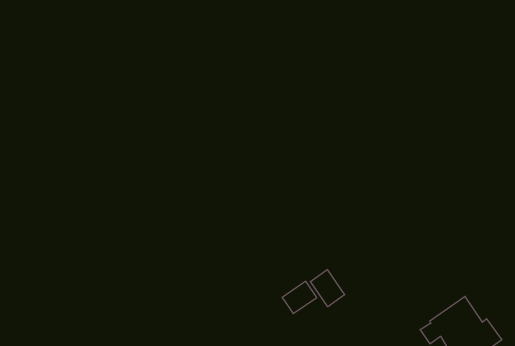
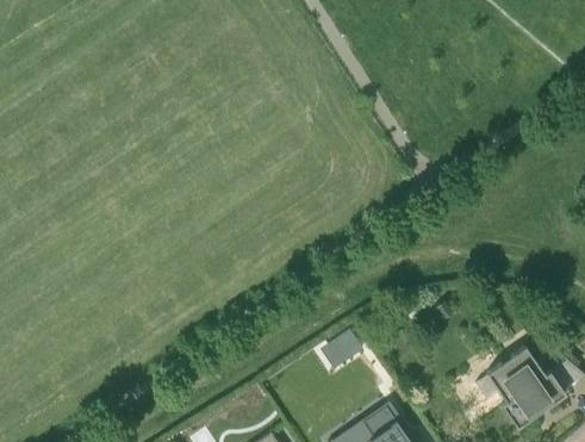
building: [310,270,345,307] -> none

